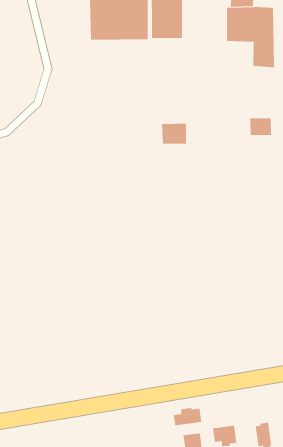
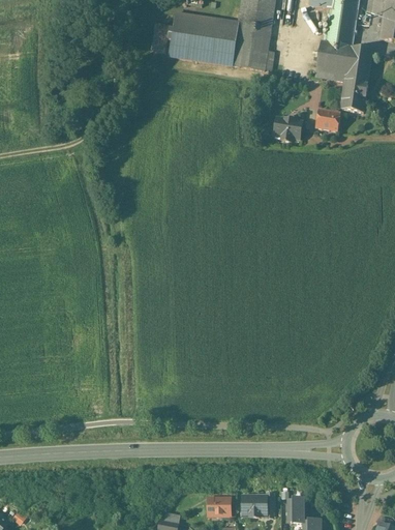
building: [249,118,272,135] -> [313,112,339,134]
building: [161,123,187,144] -> [274,116,304,142]
building: [173,407,202,426] -> none

